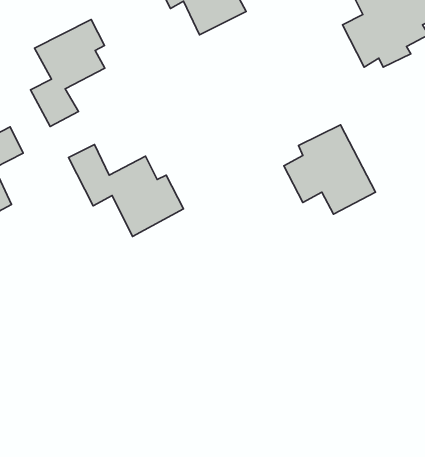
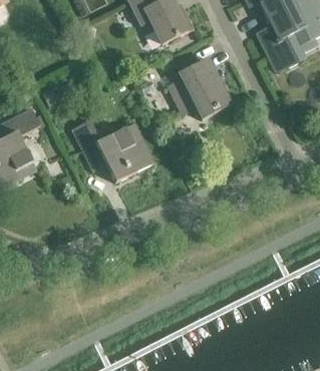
building: [31,19,105,127] -> none
building: [284,125,376,214] -> [168,58,231,119]

